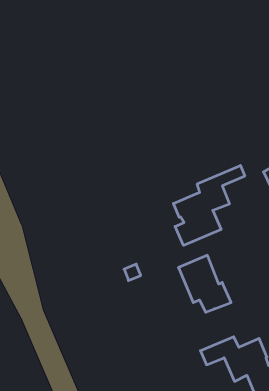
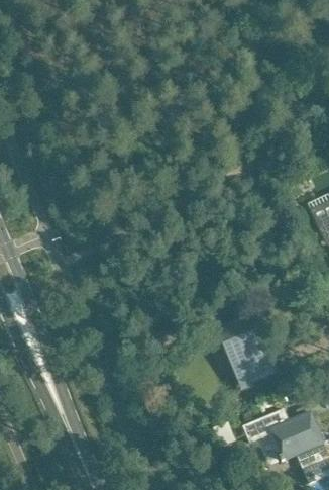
building: [173,165,245,245] -> none

